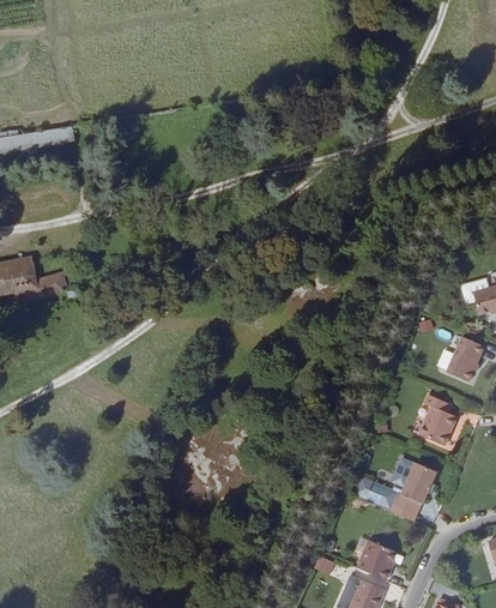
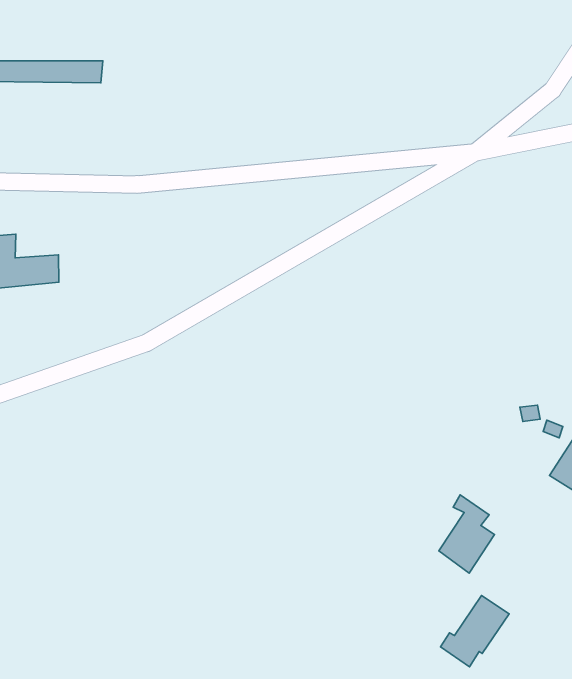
building: [419,389,456,443] -> [439,495,495,573]
building: [353,476,395,508] -> none

